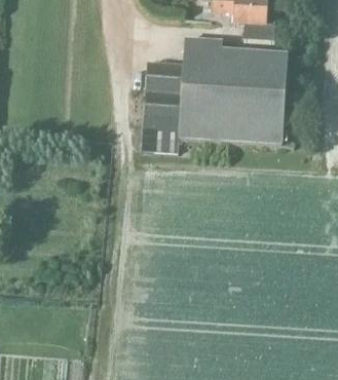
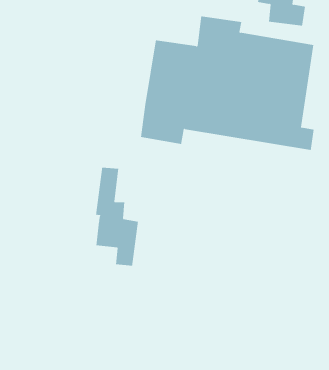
building: none -> [96,167,138,266]

